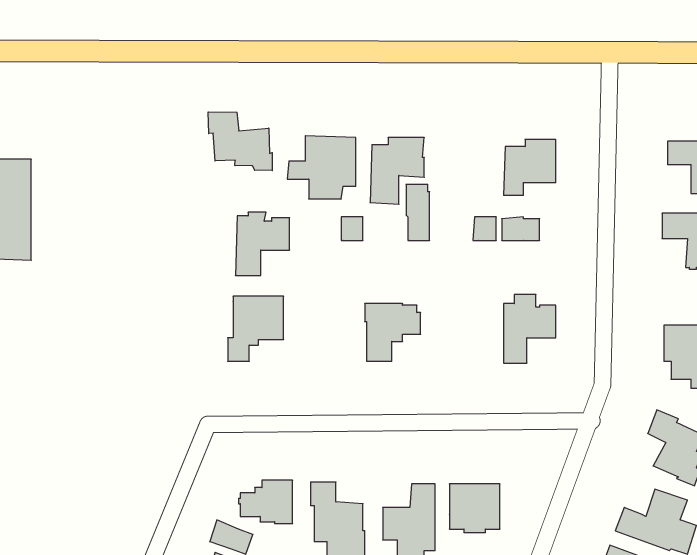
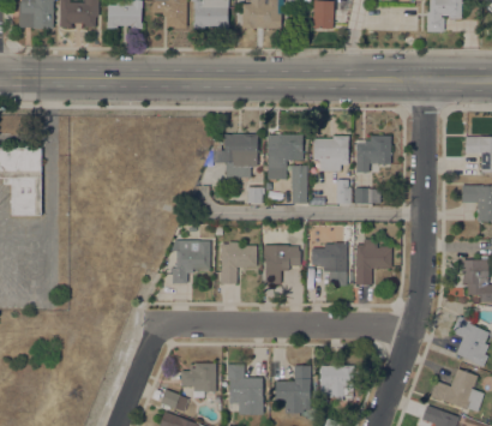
building: [208,112,272,171] -> none
building: none -> [313,136,349,170]
building: [235,212,290,275] -> [221,241,257,283]
building: none -> [312,242,347,286]

